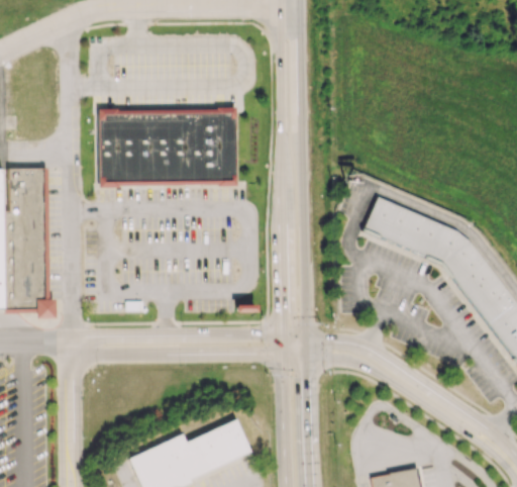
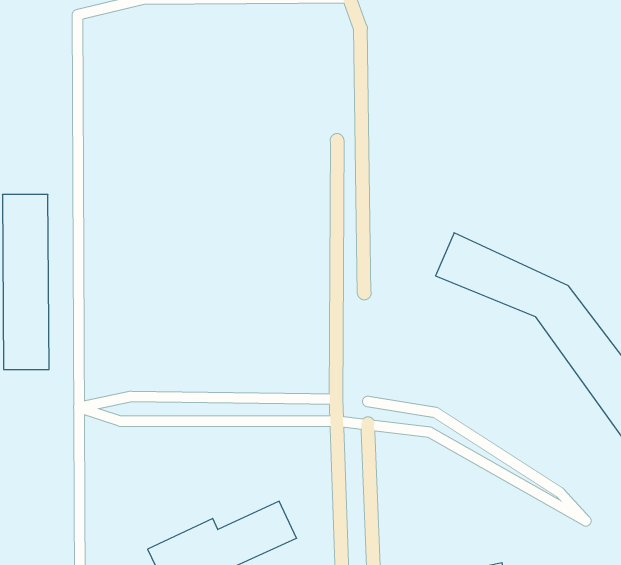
building: [100,106,238,186] -> none

